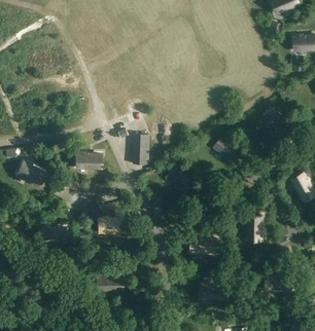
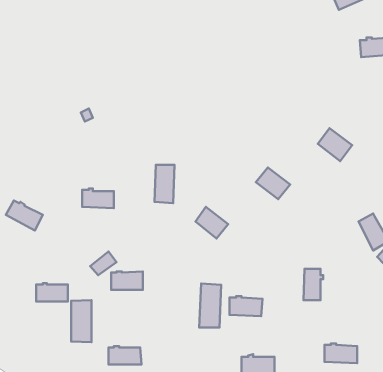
building: none -> [199,283,221,328]
building: none -> [71,300,91,342]

